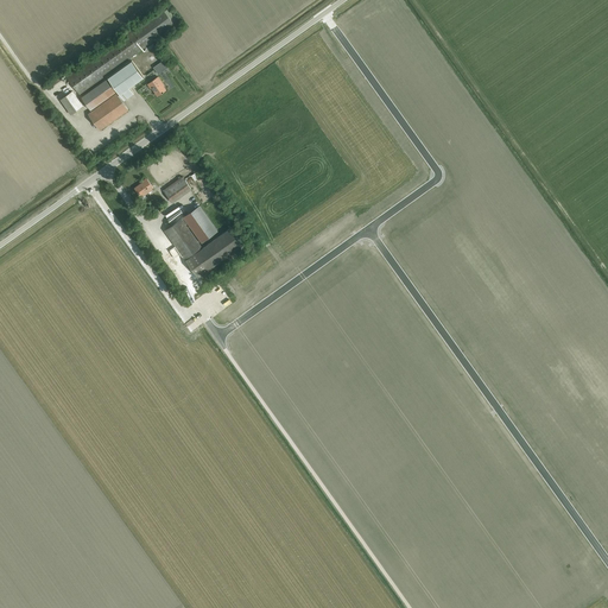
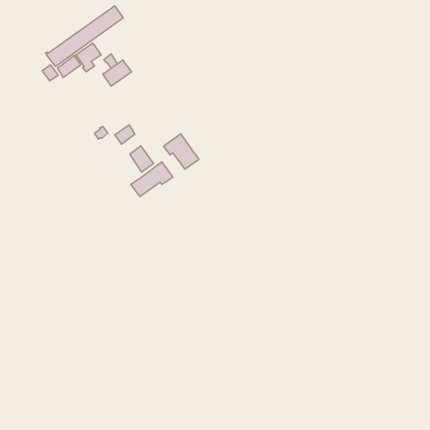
building: [87,94,127,131] -> [103,60,131,86]
building: none -> [164,134,199,169]
building: [164,220,201,260] -> none

